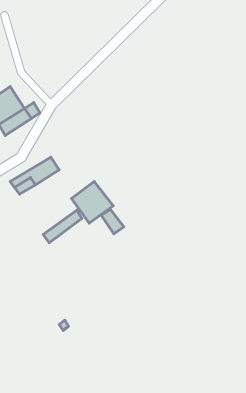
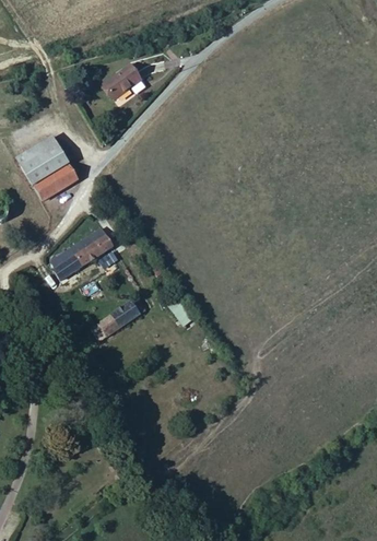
building: none -> [95,67,132,102]
building: [72,182,113,223] -> none

